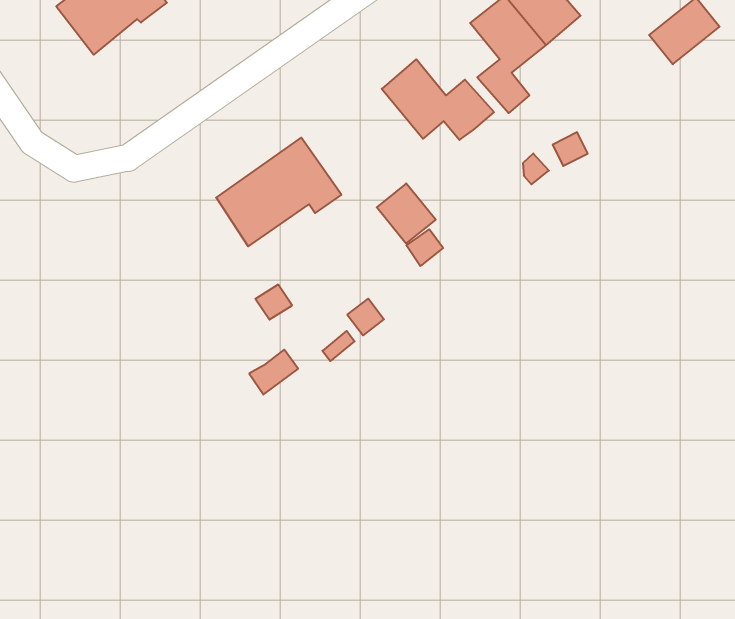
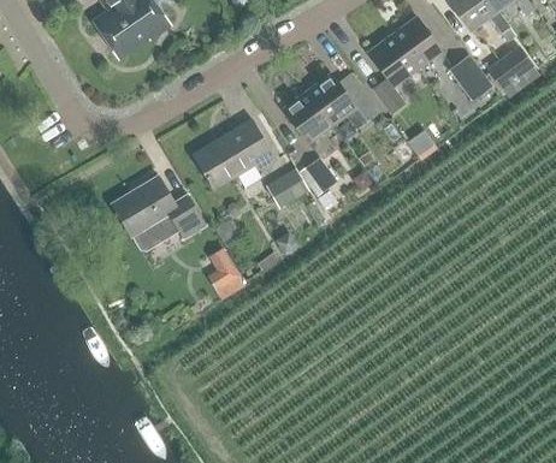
building: none -> [449,53,492,100]
building: none -> [283,91,332,143]
building: none -> [265,165,308,207]
building: none -> [112,176,206,251]

